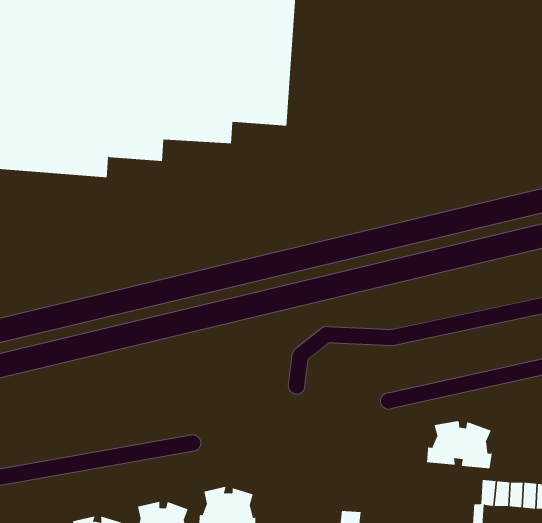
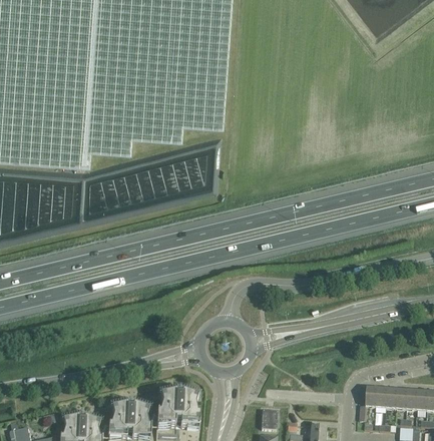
building: [427,420,493,469] -> none

